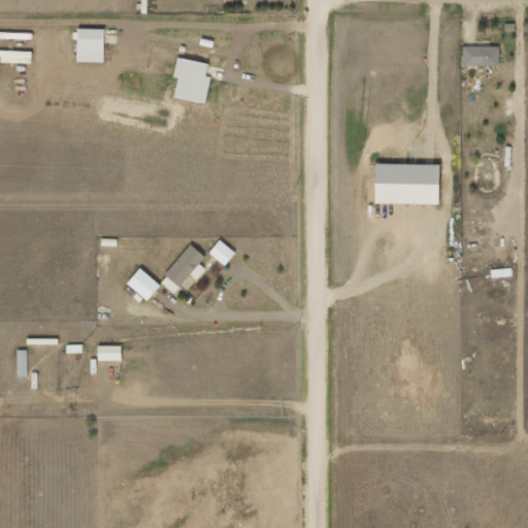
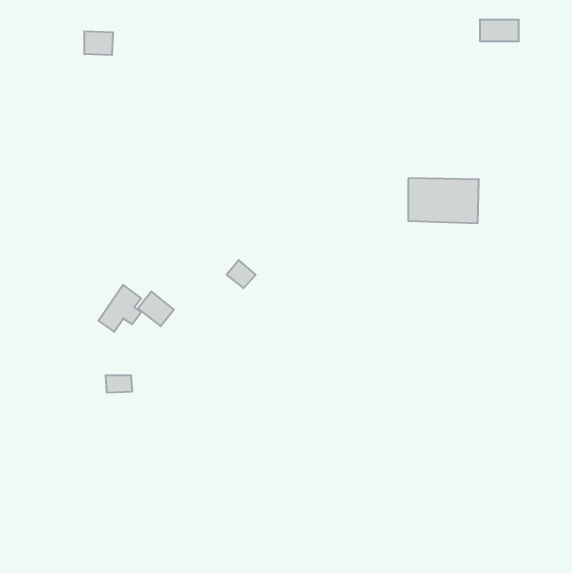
building: [463,46,499,66] -> [480,20,519,41]
building: [173,58,210,104] -> none
building: [166,243,205,287] -> [98,285,141,332]

